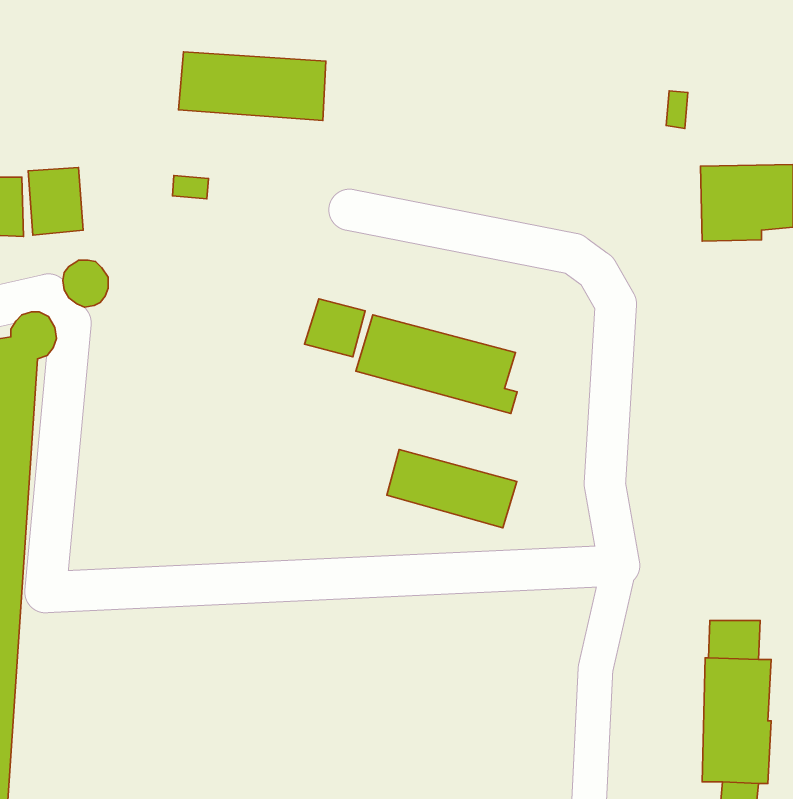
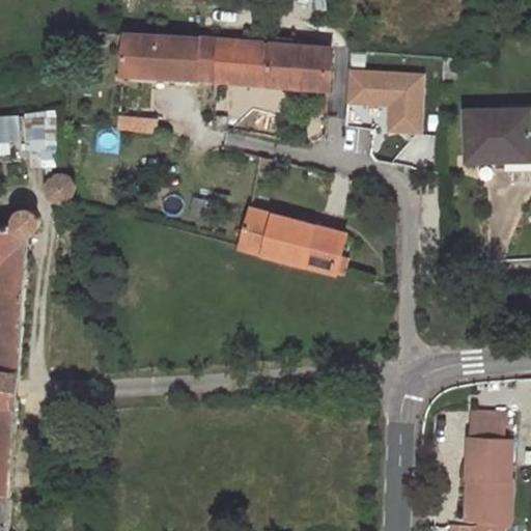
building: none -> [214,41,327,88]
building: none -> [345,72,424,133]
building: [305,299,365,357] -> none
building: [387,449,517,528] -> none

